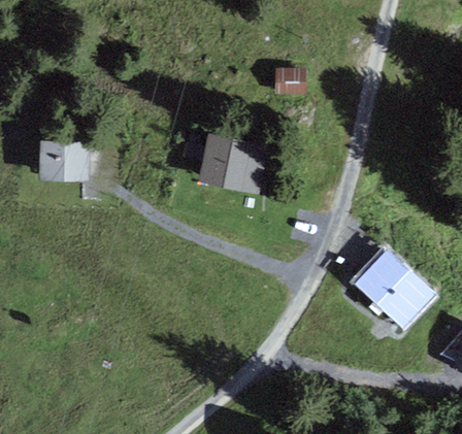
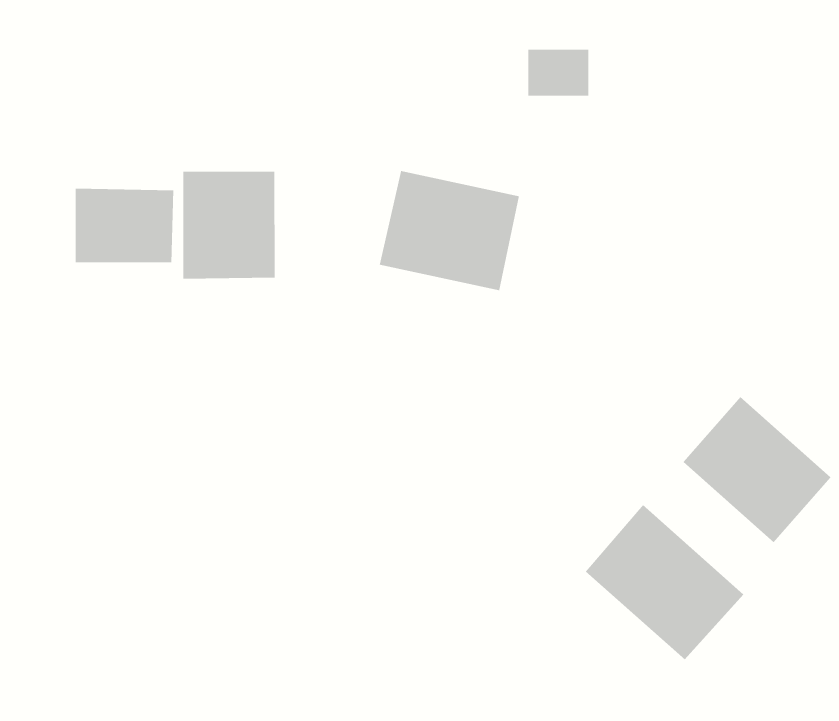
building: none -> [182,171,276,280]
building: none -> [585,504,744,660]

